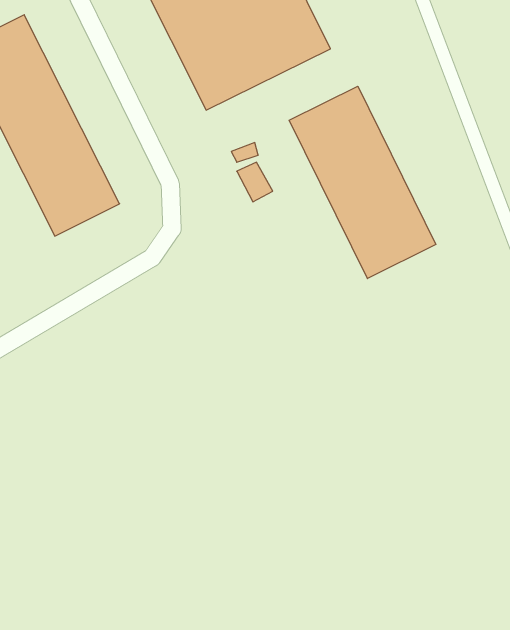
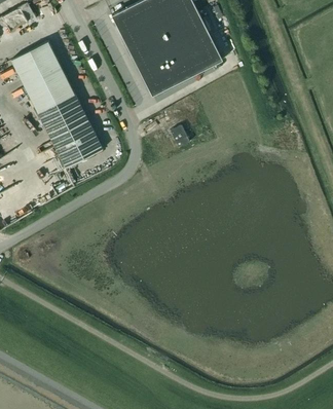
building: [289,86,436,279] -> none

